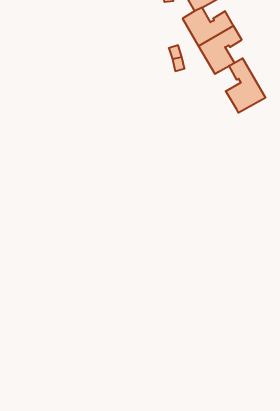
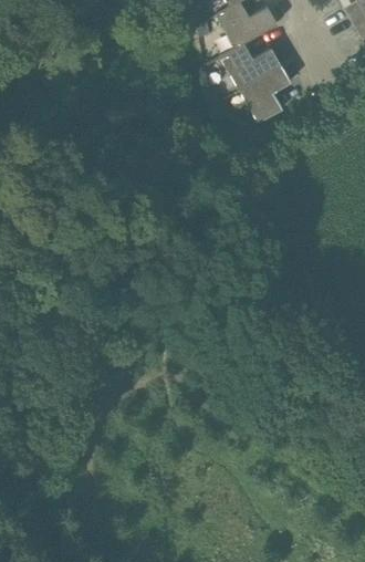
building: [226,58,265,113] -> none

